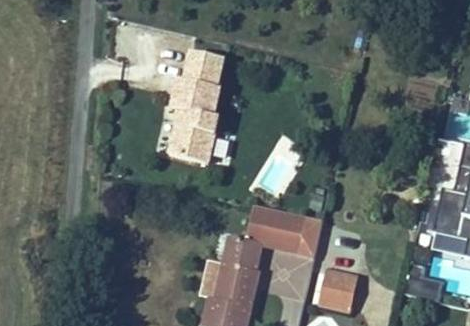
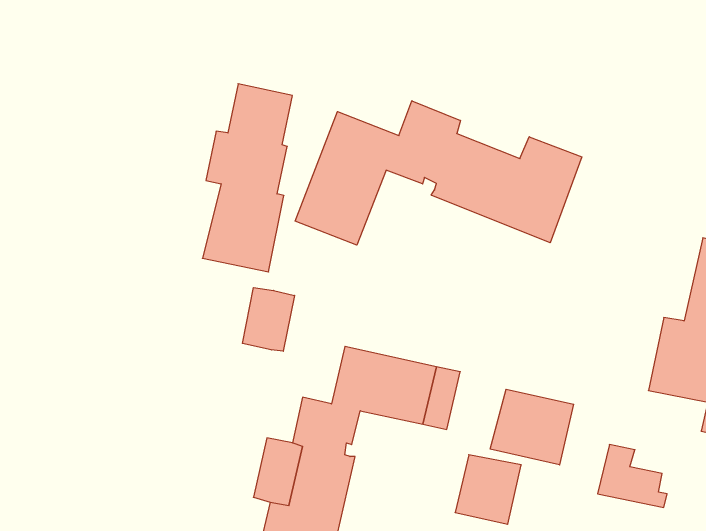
building: none -> [295,101,582,245]
building: none -> [242,288,295,351]
building: none -> [490,389,574,465]

